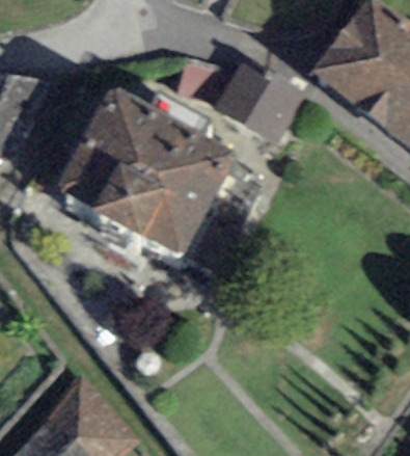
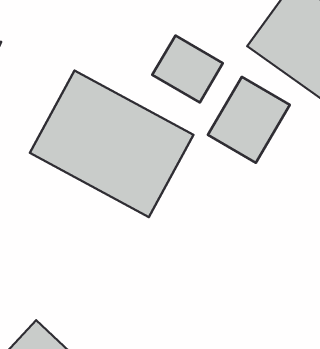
building: none -> [208,77,290,163]

